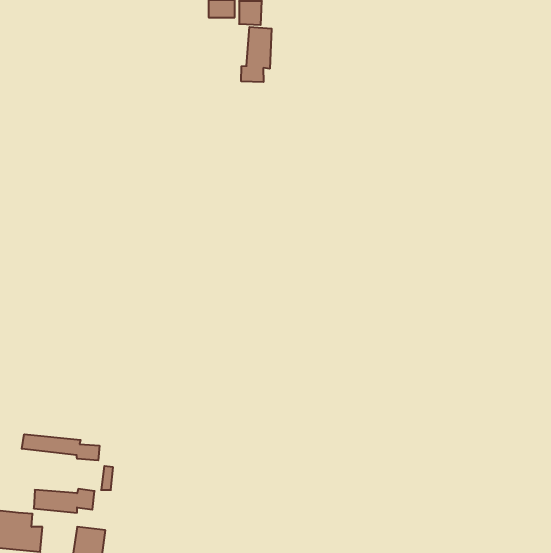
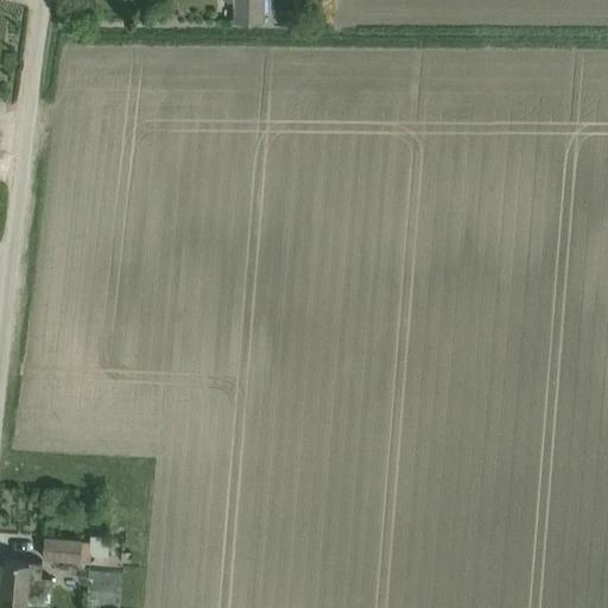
building: [241,27,272,82] -> none
building: [22,434,99,460] -> none

